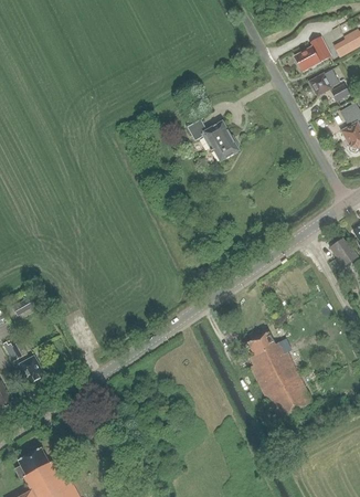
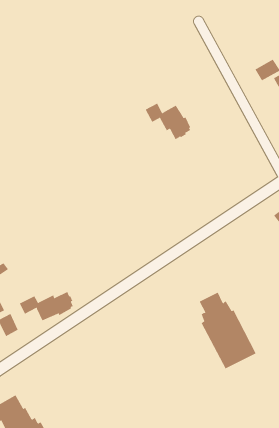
building: [295,38,330,72] -> none
building: none -> [19,291,74,321]

